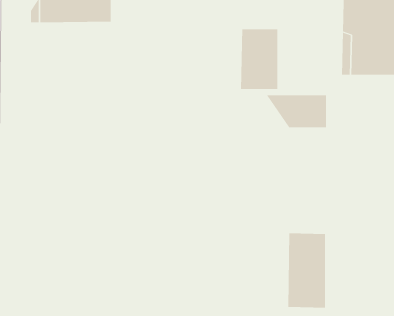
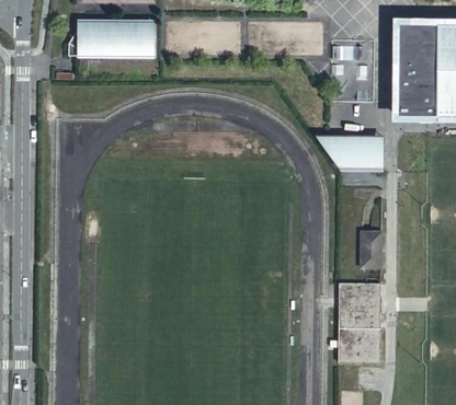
building: [241,29,278,90] -> none
building: none -> [358,231,379,267]

